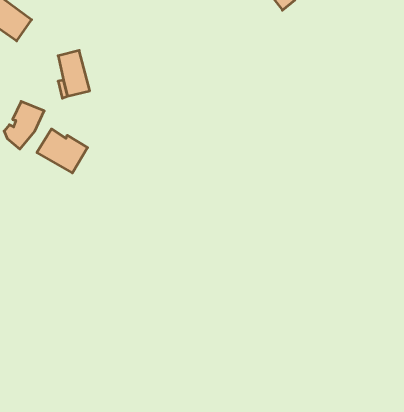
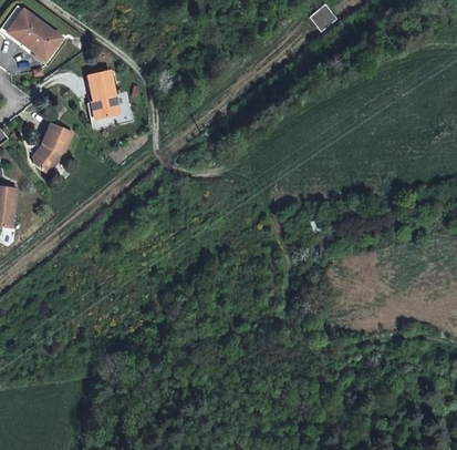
building: [37,129,88,173] -> none

